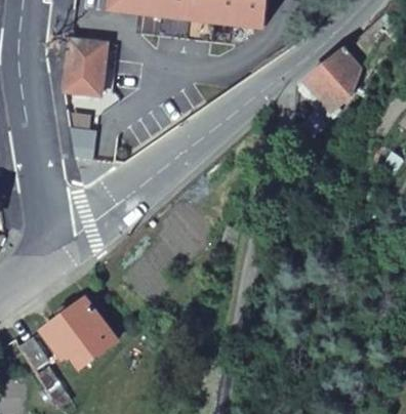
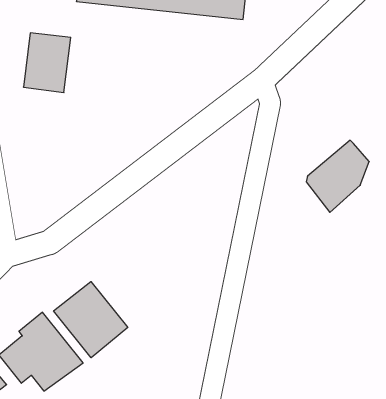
building: [300,51,358,117] -> [306,140,369,212]
building: none -> [54,282,128,358]

